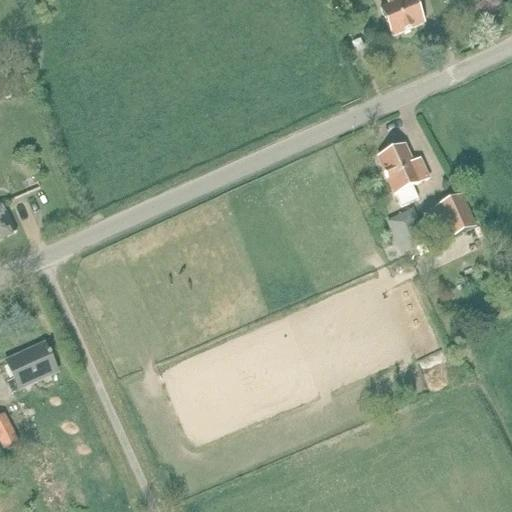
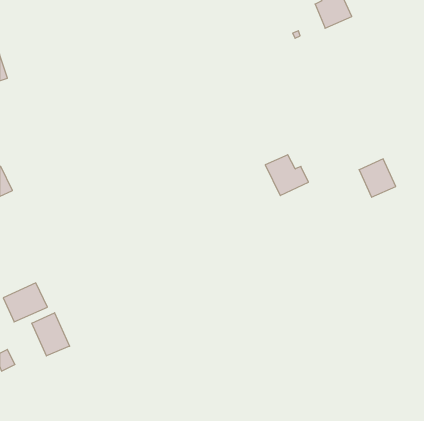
building: [377,142,429,191] -> [265,155,308,196]
building: none -> [32,313,70,356]

